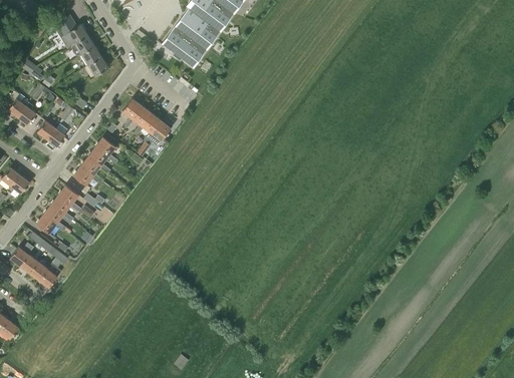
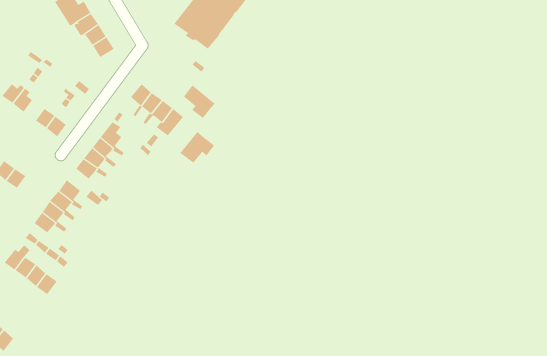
building: none -> [183,85,215,119]
building: none -> [179,131,215,164]

